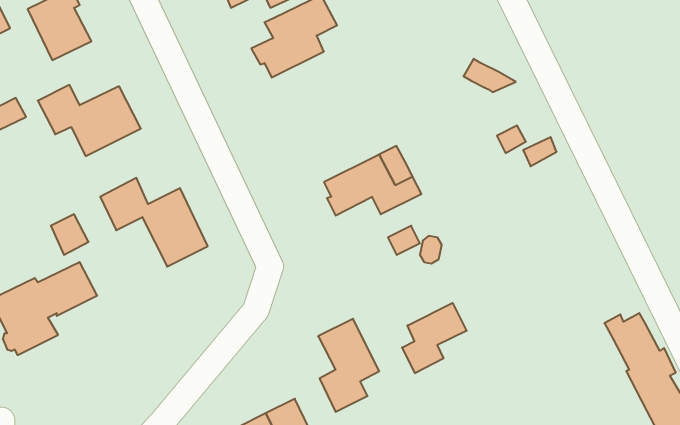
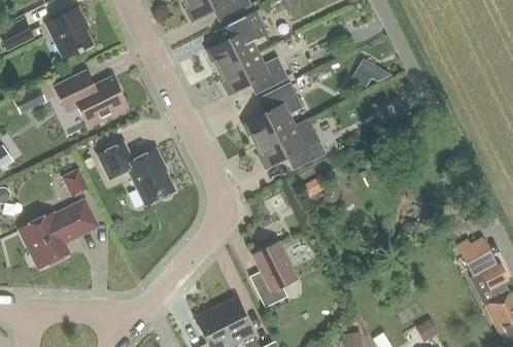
building: none -> [220,53,288,95]
building: none -> [243,82,303,145]
building: [402,303,467,373] -> none

